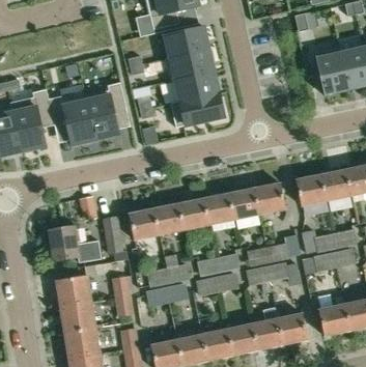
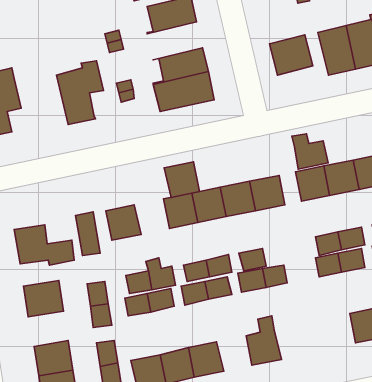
building: [165,48,214,81] -> none
building: none -> [270,35,313,75]
building: [48,94,95,143] -> none
building: none -> [292,134,328,169]
building: [153,203,185,234] -> [164,162,200,197]
building: [266,233,301,262] -> none
building: [60,302,95,333] -> none
building: [318,304,348,335] -> none
building: [277,313,308,344] -> none
building: [226,323,257,355] -> none

